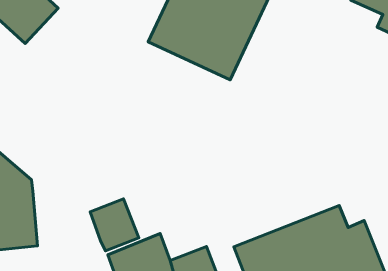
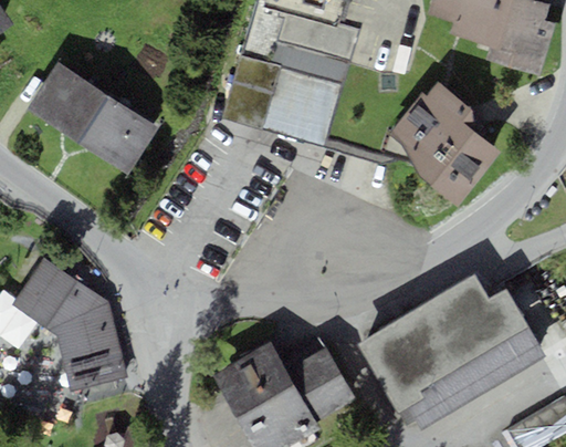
building: none -> [77,95,158,175]
building: none -> [388,83,501,207]
building: [90,199,139,251] -> none

